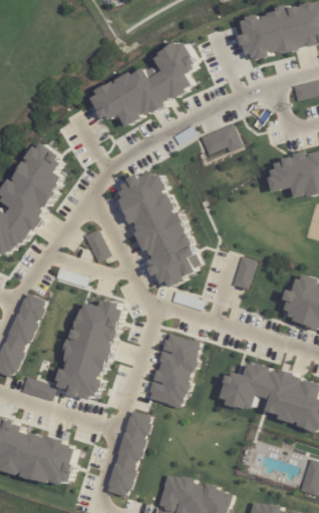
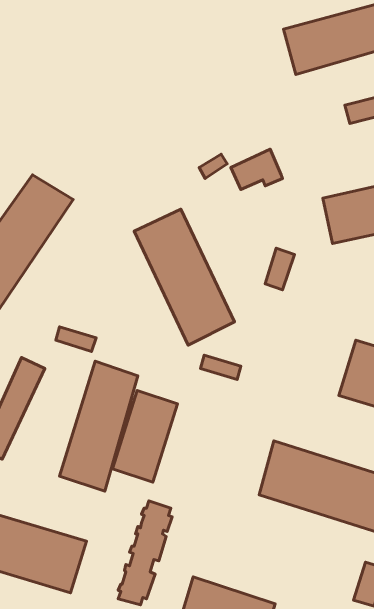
building: [90,47,207,131] -> none
building: [83,229,108,263] -> none
building: [231,255,255,290] -> [265,248,295,290]
building: [144,330,198,405] -> [113,390,177,482]
building: [21,377,54,401] -> none

